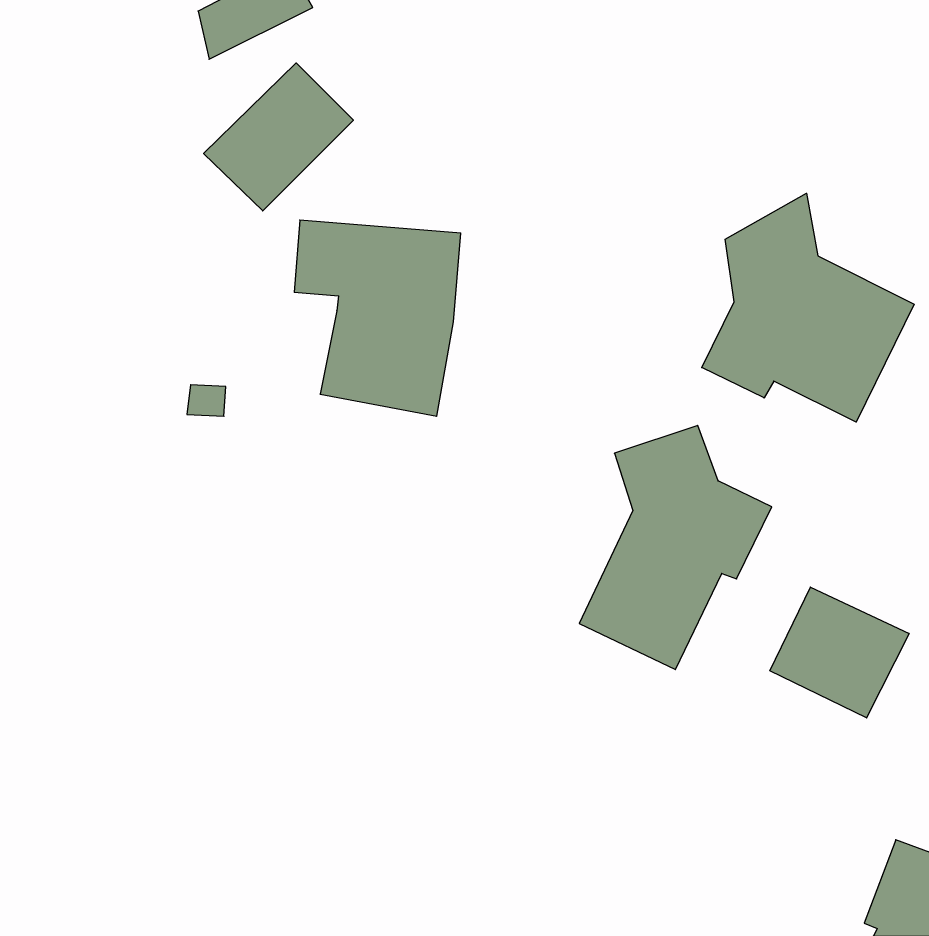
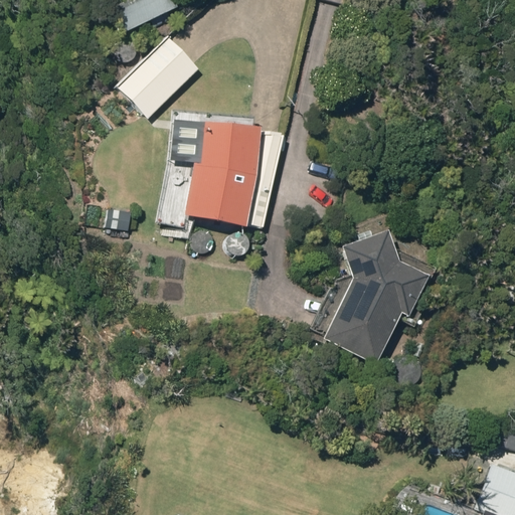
building: [702,193,914,422] -> none
building: [770,587,909,718] -> none

